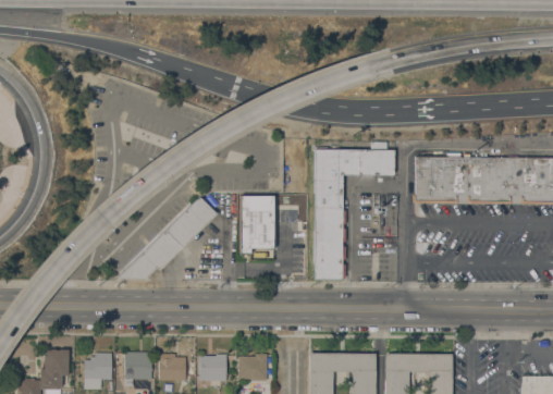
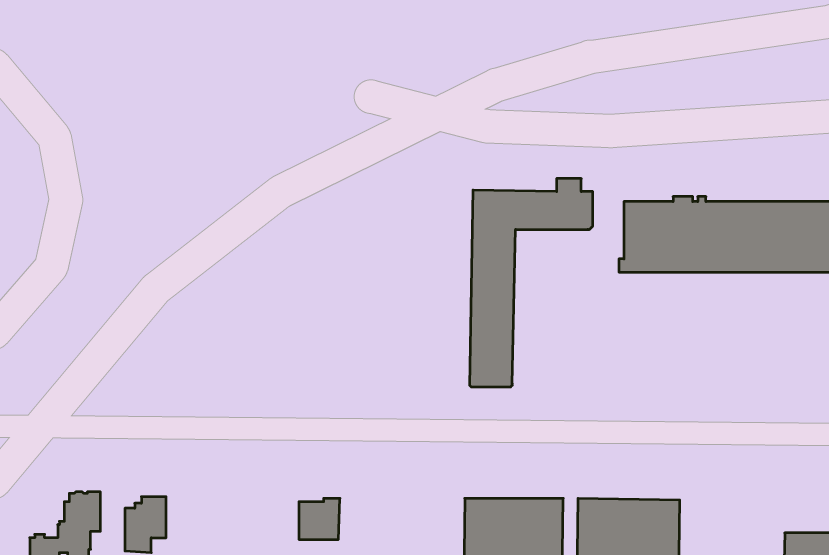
building: [239,195,273,254] -> none
building: [118,198,216,280] -> none
building: [124,352,151,385] -> none
building: [158,354,185,381] -> none
building: [237,354,267,381] -> none

